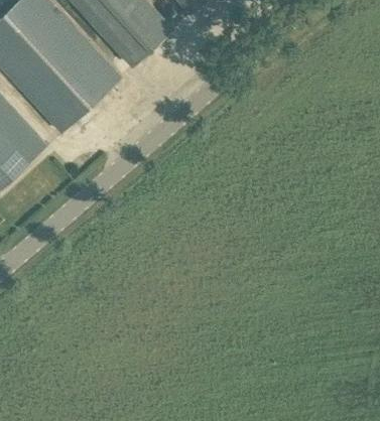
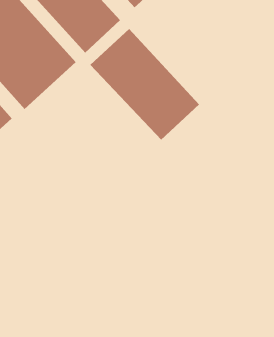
building: none -> [90,28,200,140]

